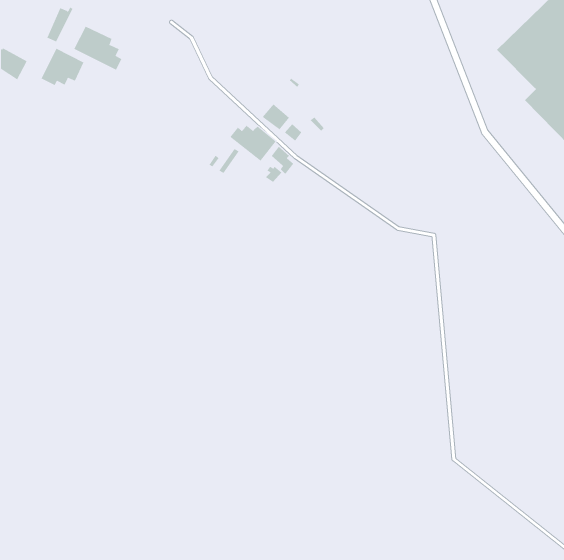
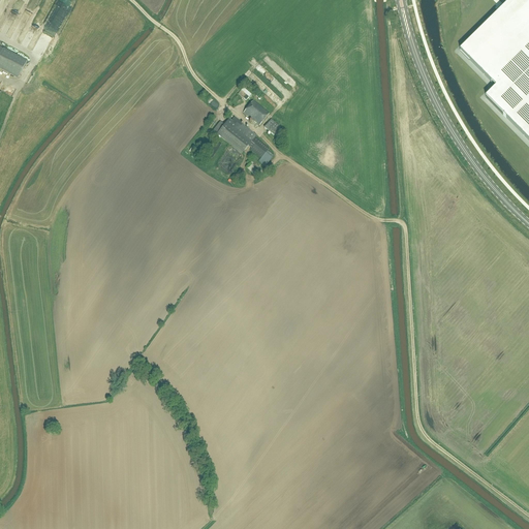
building: [74,26,122,71] -> none
building: [41,48,84,86] -> none

